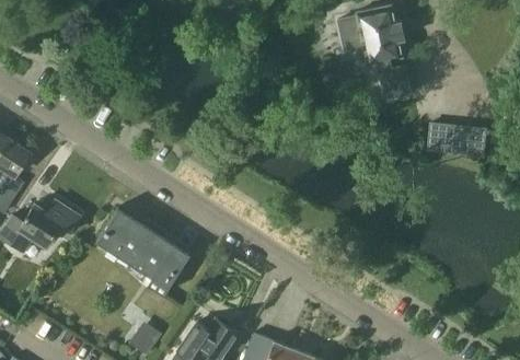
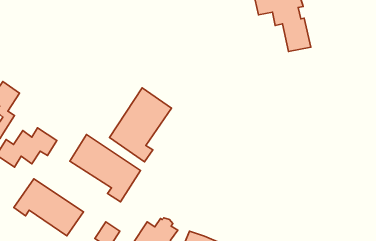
building: [427,126,487,162] -> none
building: none -> [109,88,172,162]
building: none -> [14,179,84,236]

